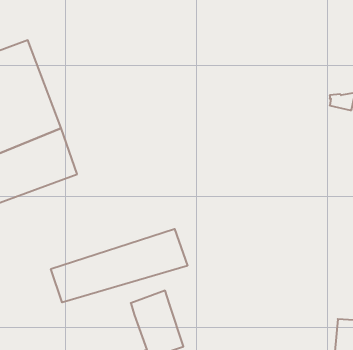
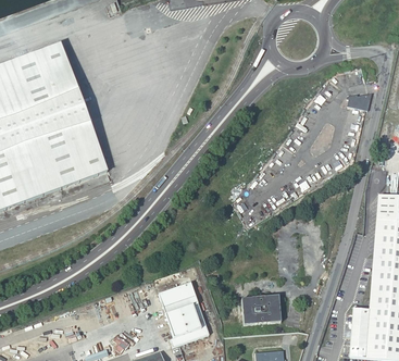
building: [51,229,187,302] -> none
building: none -> [240,295,279,324]

